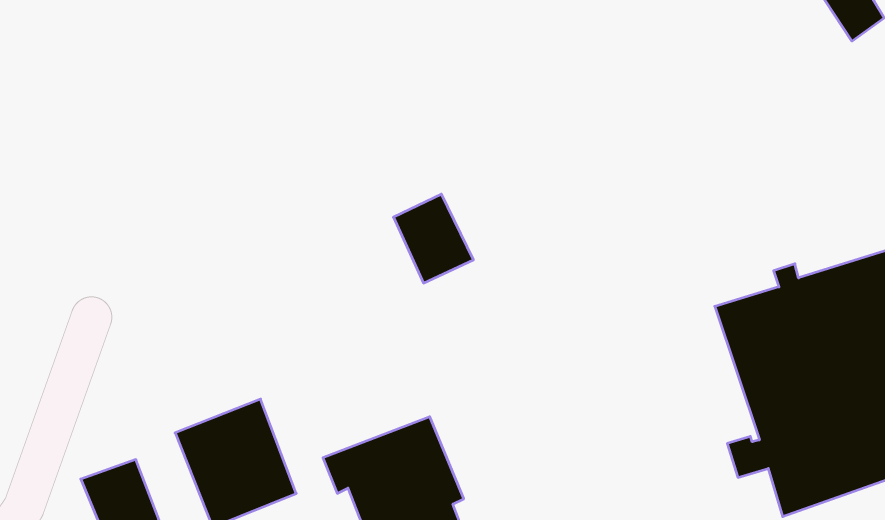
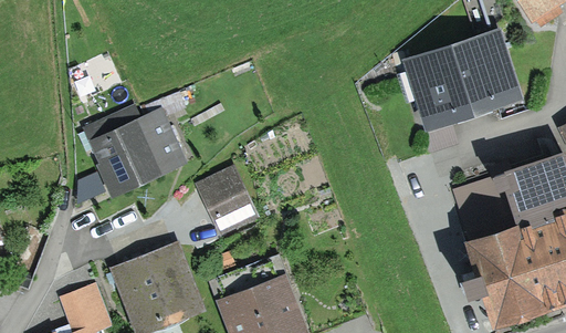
building: none -> [412,40,513,122]
building: none -> [86,108,178,190]
building: [393,194,473,283] -> [202,174,252,229]

